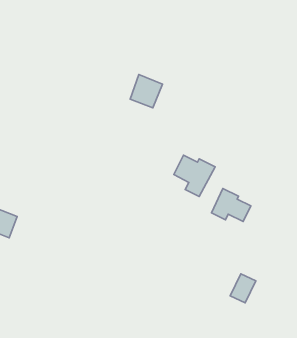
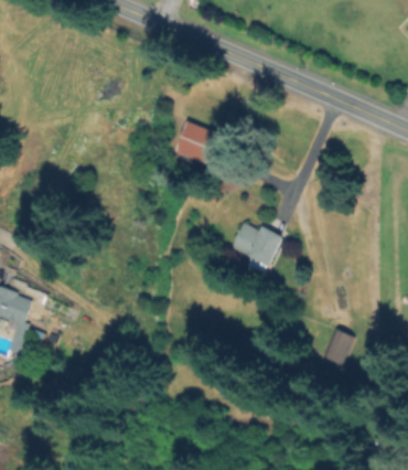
building: [211,188,251,221] -> none
building: [230,274,256,303] -> [322,329,354,365]

